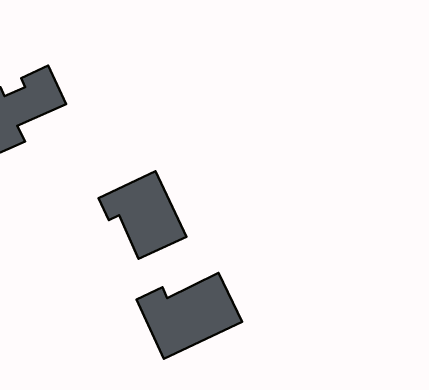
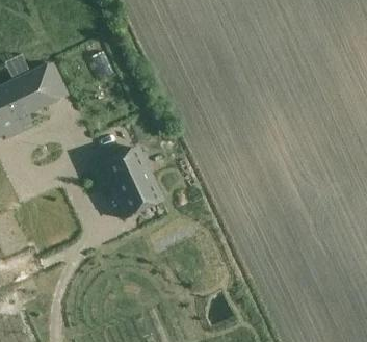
building: [136,273,242,359] -> none

